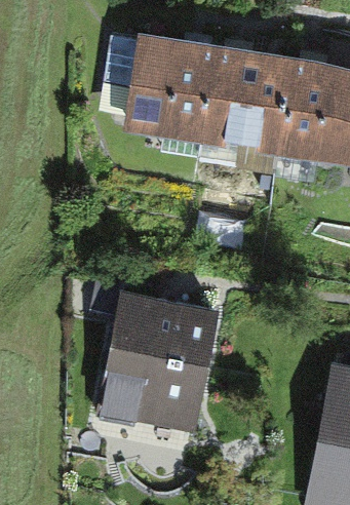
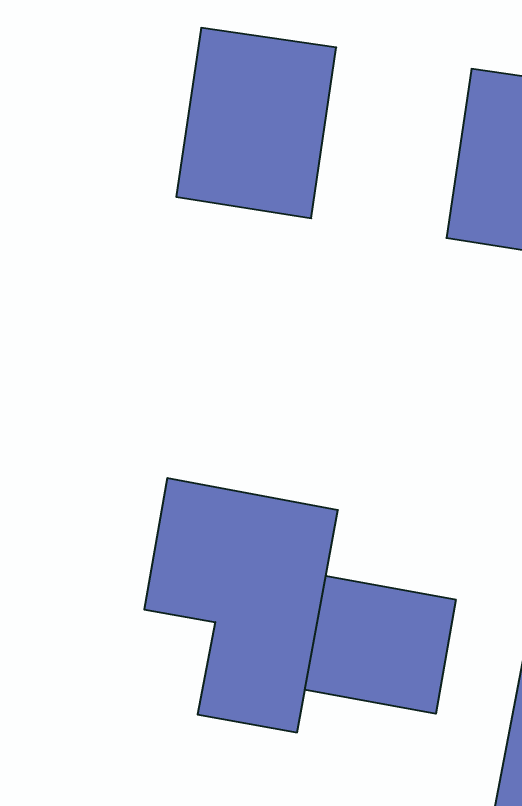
building: [202,45,295,155] -> none
building: none -> [305,576,456,714]

